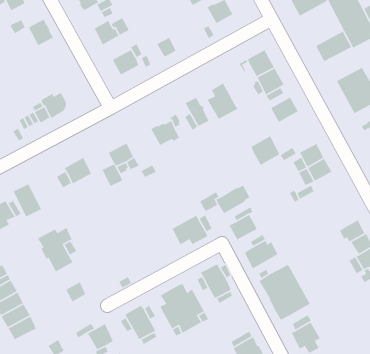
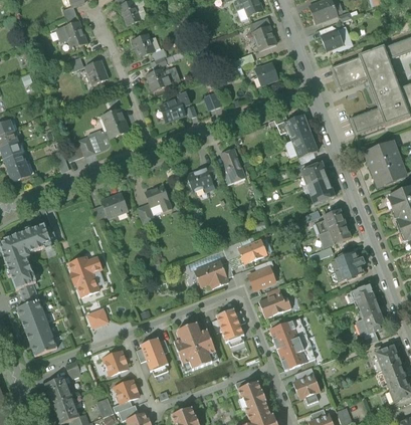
building: none -> [102,109,129,138]
building: [207,83,239,120] -> none
building: [250,135,281,166] -> [307,177,335,204]
building: [12,183,42,217] -> none
building: none -> [331,251,365,282]

